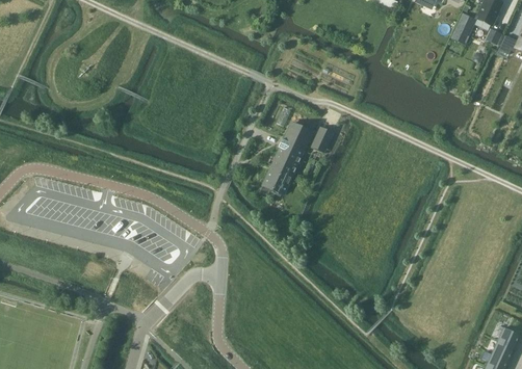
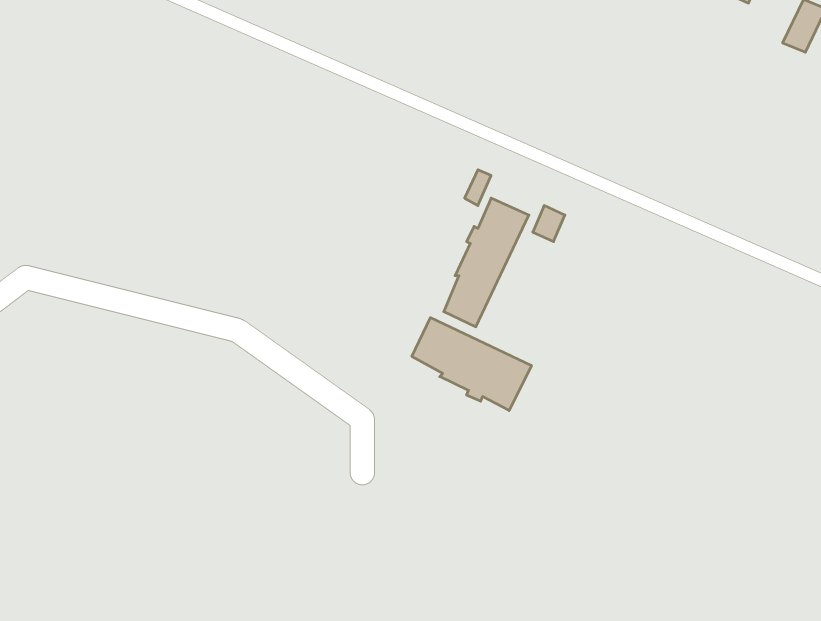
building: none -> [412,318,531,411]

